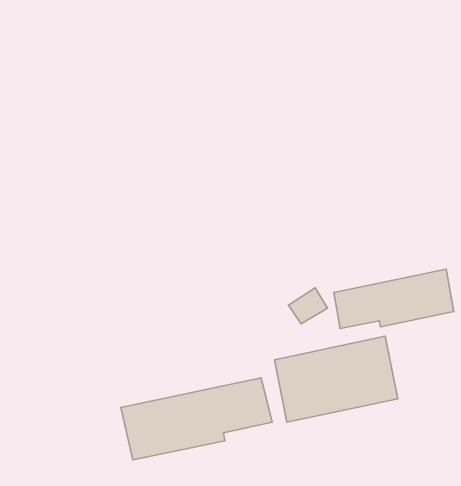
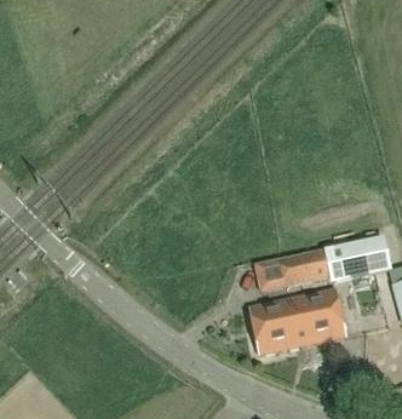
building: [121,378,272,460] -> none

